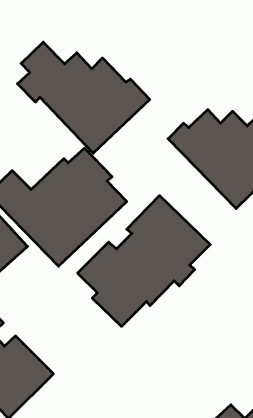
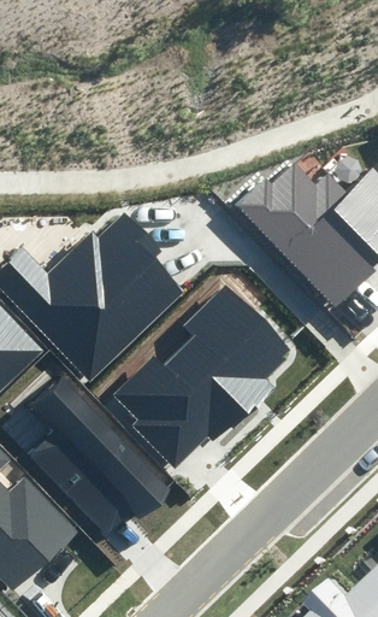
building: [17,42,150,153] -> none
building: none -> [28,381,167,539]

